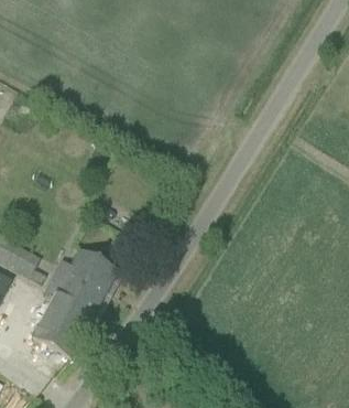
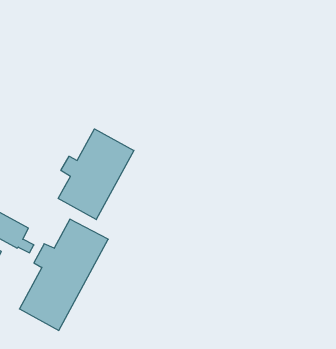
building: none -> [58,129,134,220]

